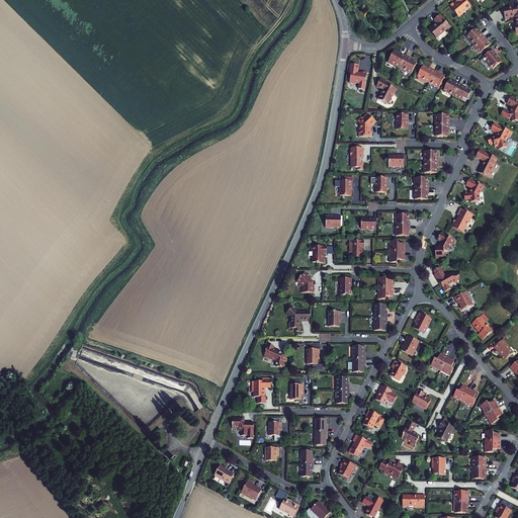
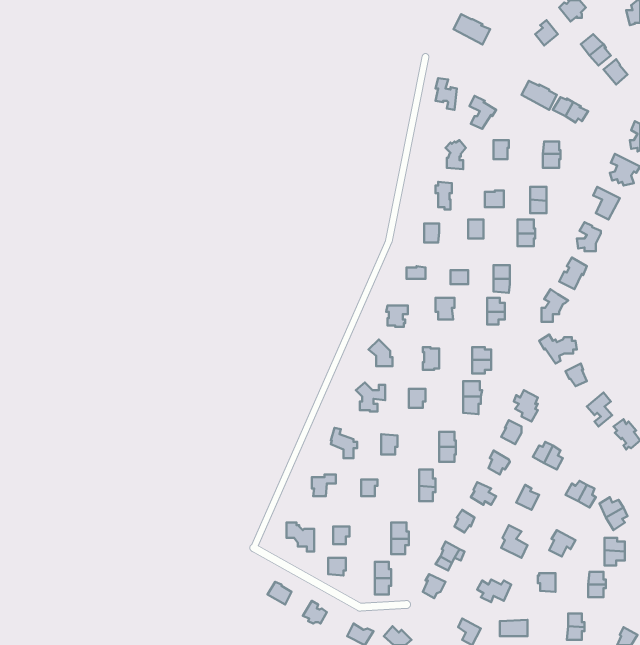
building: [387,49,417,73] -> [453,14,490,44]

